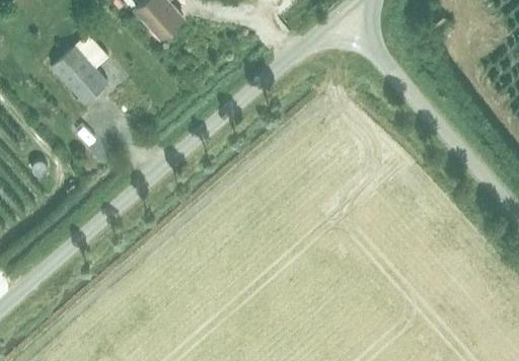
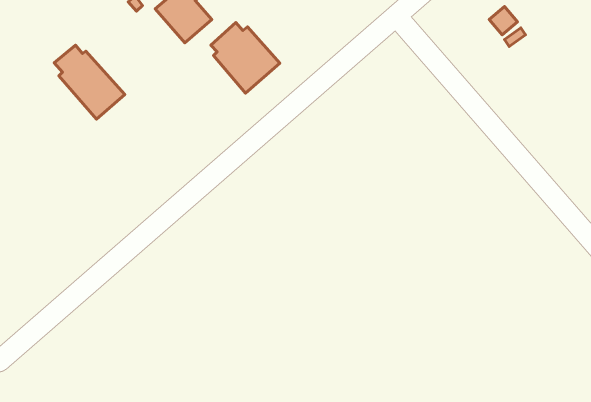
building: none -> [211,23,280,93]

